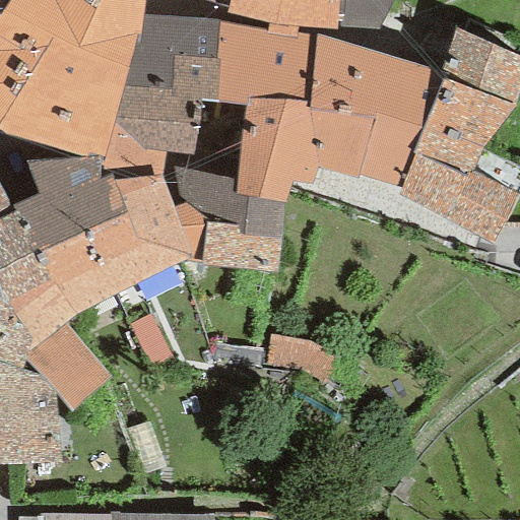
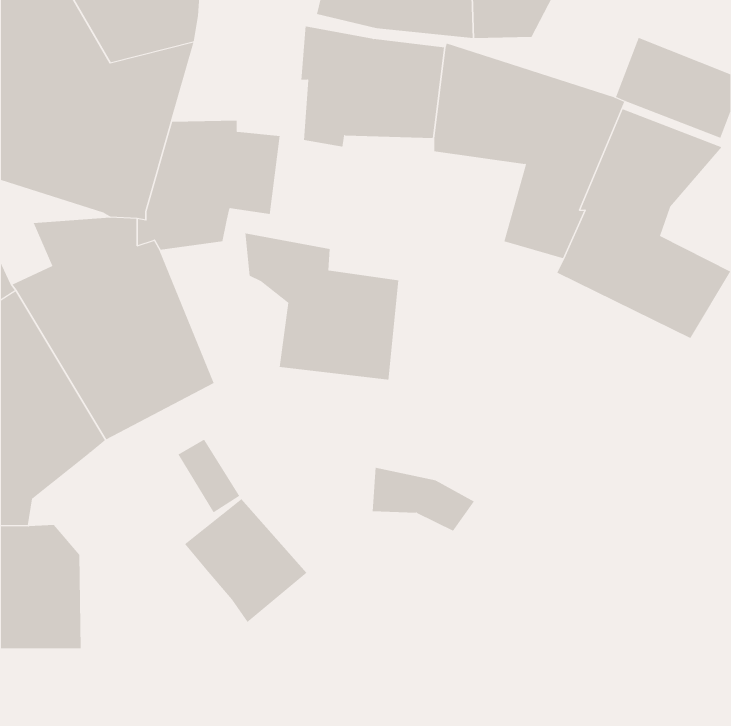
building: [122,11,218,100] -> none
building: [234,96,373,199] -> none
building: [114,172,204,272] -> none
building: [23,322,111,410] -> [184,498,307,623]

